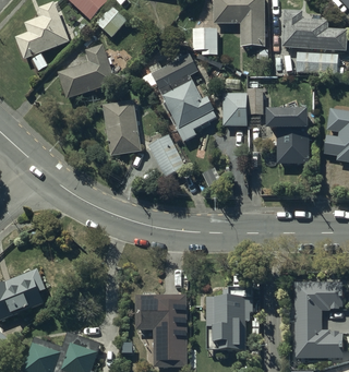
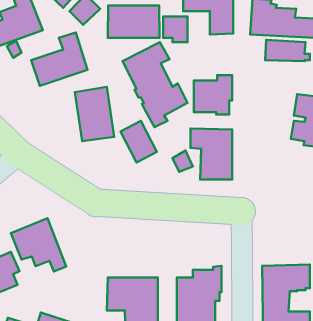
building: none -> [108,5,160,38]
building: [266,110,309,163] -> [191,129,232,180]
building: none -> [11,218,66,272]

